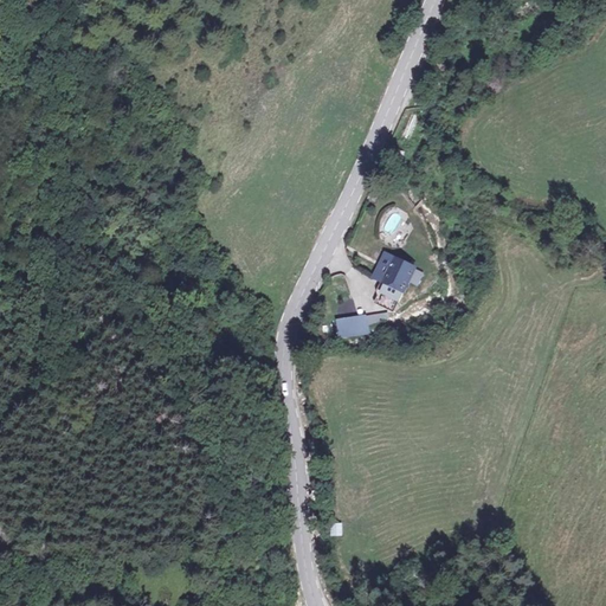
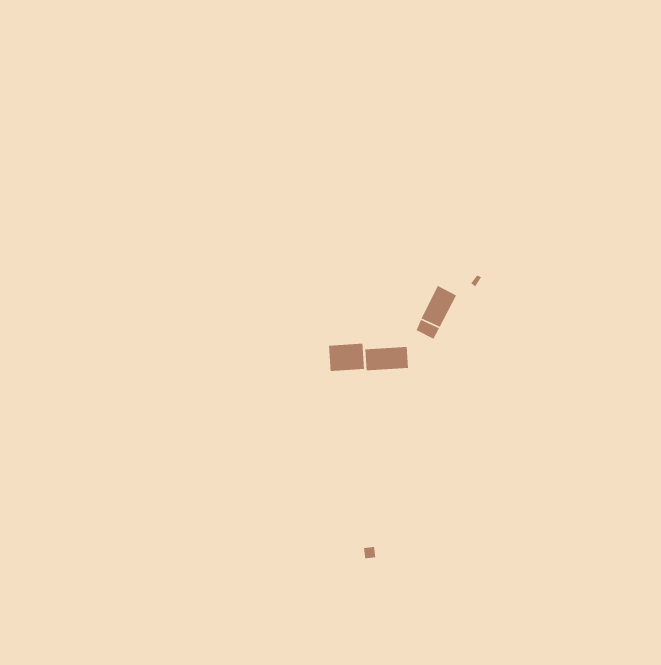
building: none -> [328,343,365,372]

